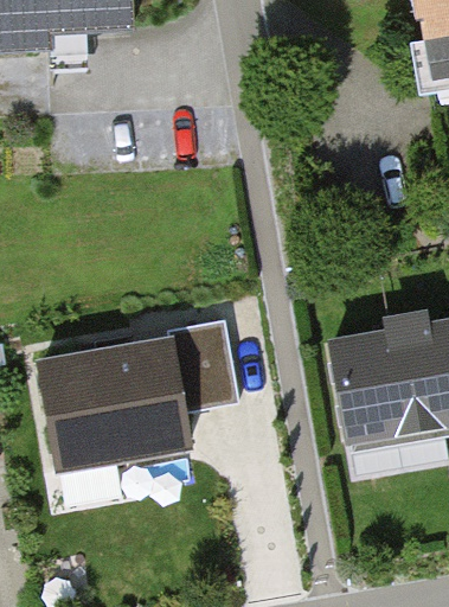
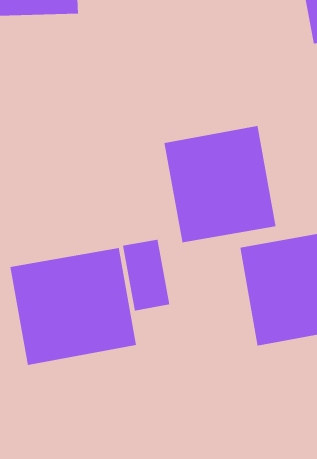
building: none -> [164,125,276,243]

